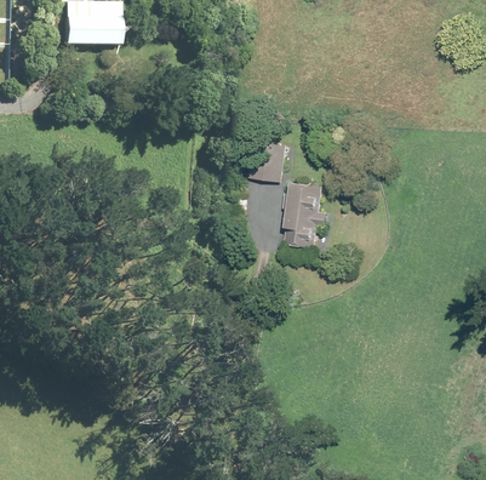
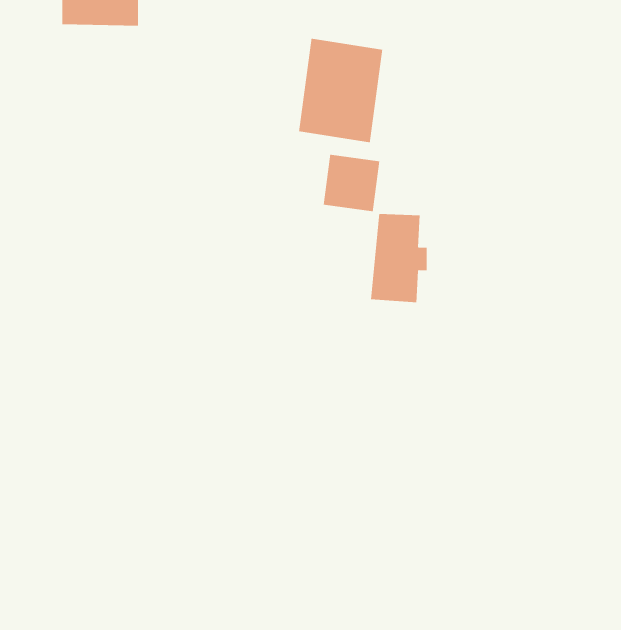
building: none -> [299,38,383,143]

